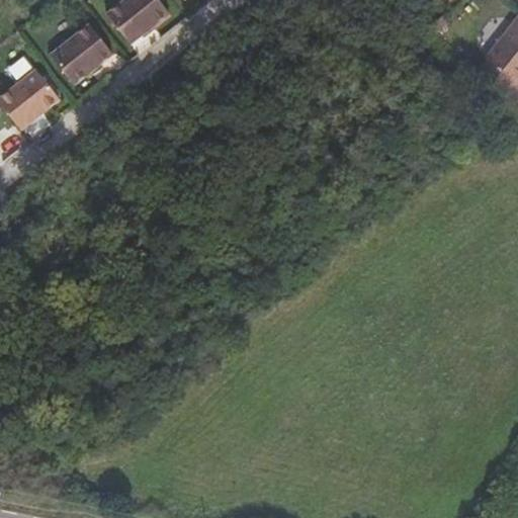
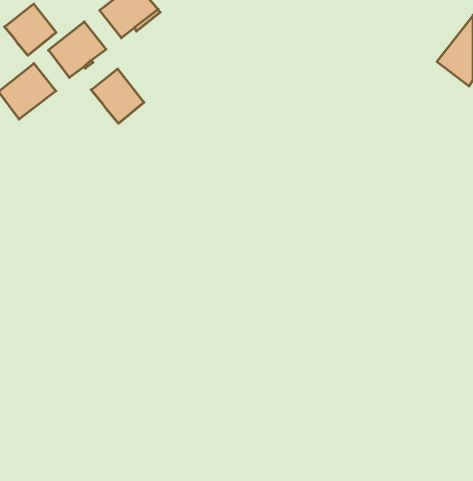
building: none -> [4,4,56,55]
building: none -> [91,69,144,123]

